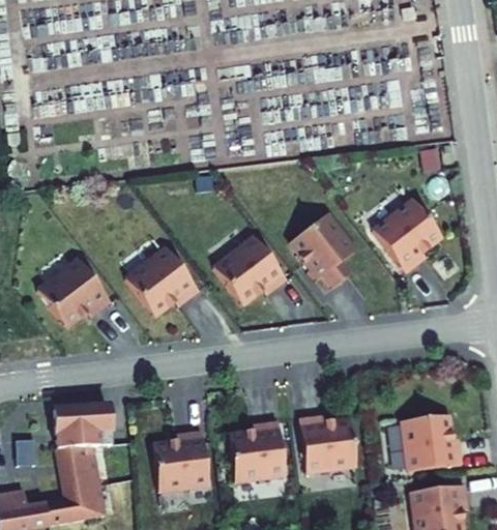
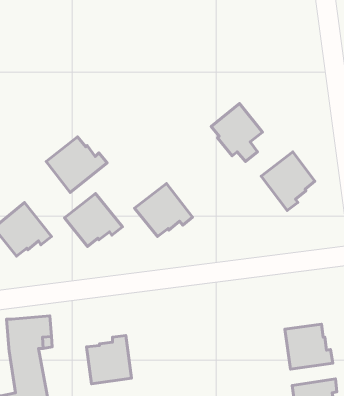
building: none -> [46,137,107,193]
building: [291,212,356,286] -> [211,104,262,162]
building: [299,416,357,472] -> none
building: [229,418,286,480] -> none

